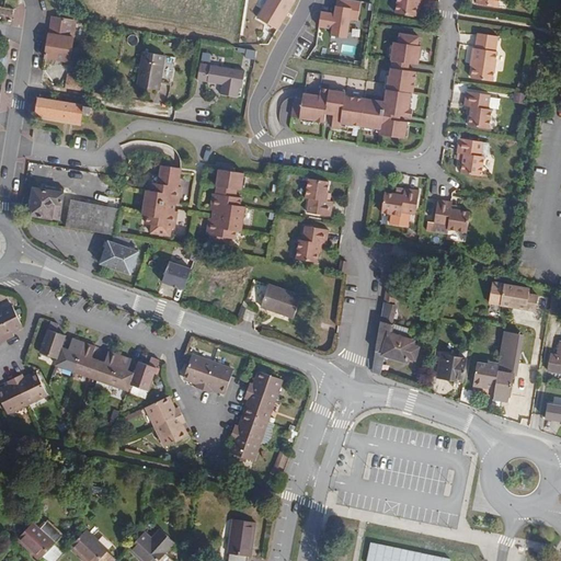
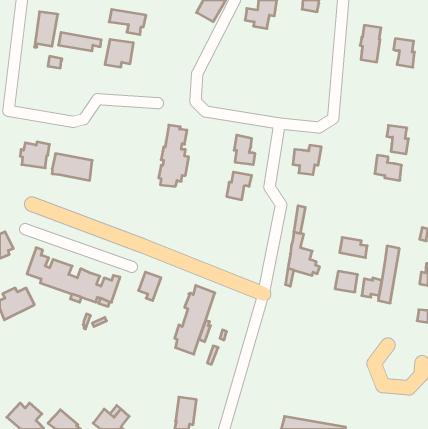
building: [290,32,420,137] -> none
building: [196,62,244,95] -> [109,9,146,35]
building: [465,91,492,128] -> [394,39,415,67]
building: [36,96,92,121] -> [58,32,101,51]
building: [458,138,486,175] -> [387,125,409,154]
building: [142,164,182,234] -> none
building: [434,201,469,233] -> [375,155,402,180]
building: [100,236,139,274] -> none
building: [162,262,191,288] -> none
building: [261,284,301,317] -> none
building: [500,285,536,311] -> [340,237,367,258]
building: [199,363,232,396] -> none
building: [142,399,186,450] -> none

